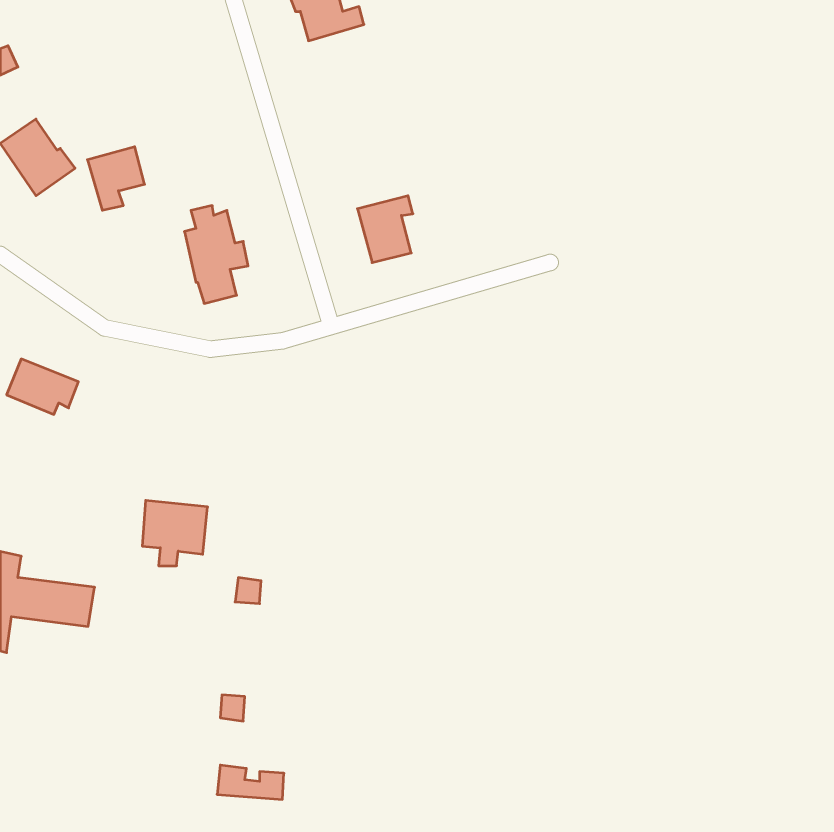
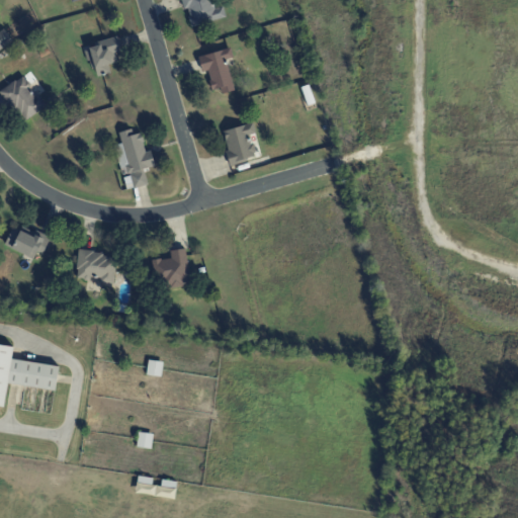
building: none -> [197,47,233,92]
building: [87,147,145,210] -> [88,35,123,75]
building: none -> [151,247,190,287]
building: [142,500,208,566] -> [76,249,116,289]

